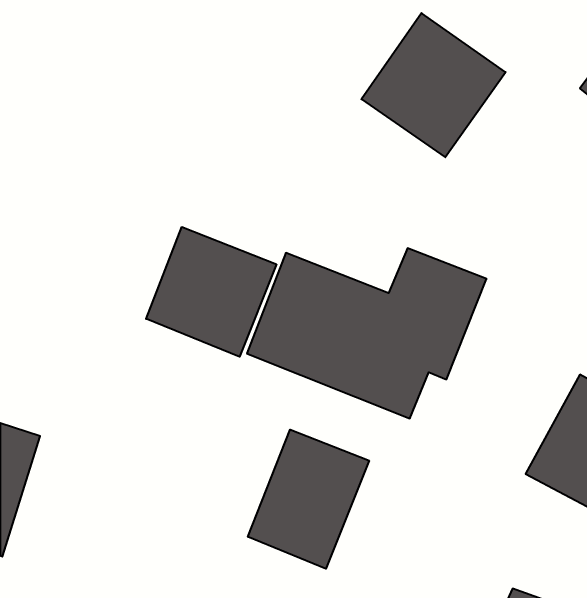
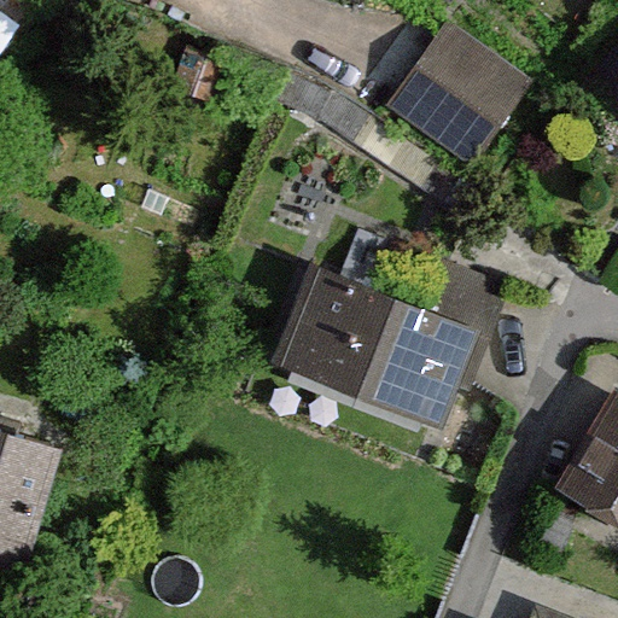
building: [146,227,276,357] -> none
building: [248,430,369,569] -> none

